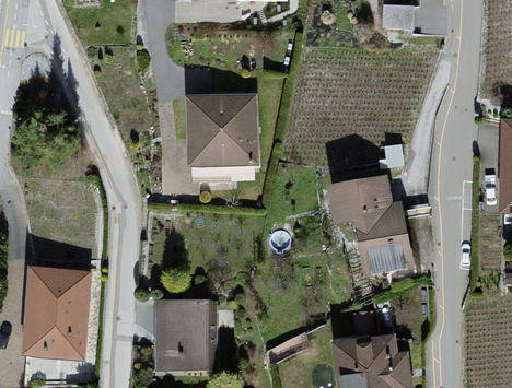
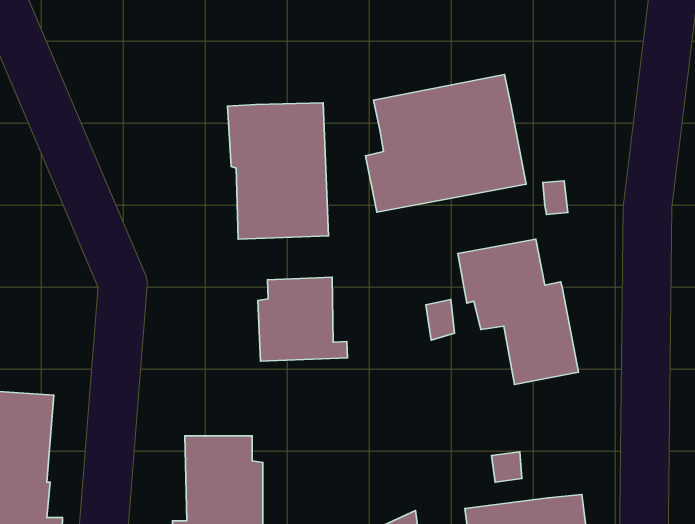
building: none -> [366,75,526,212]
building: none -> [258,277,348,361]

